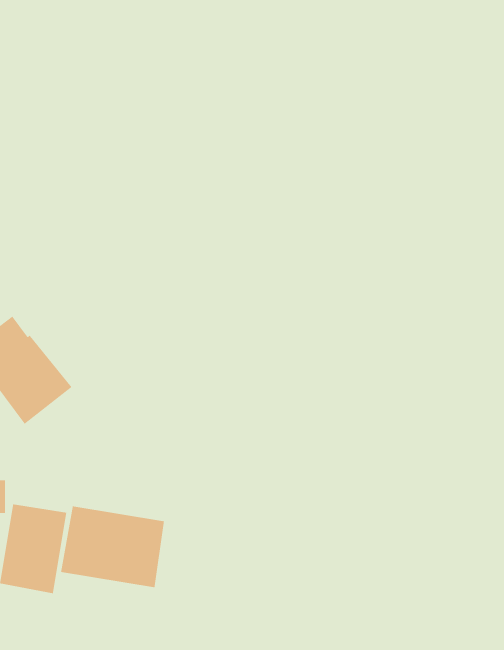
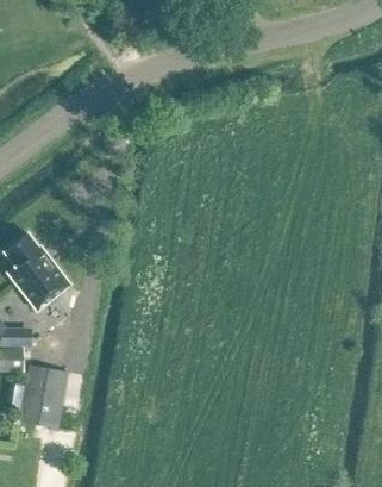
building: [60,506,165,588] -> none

